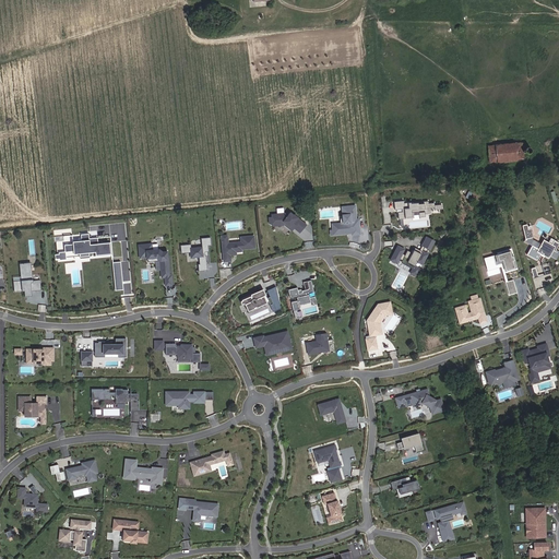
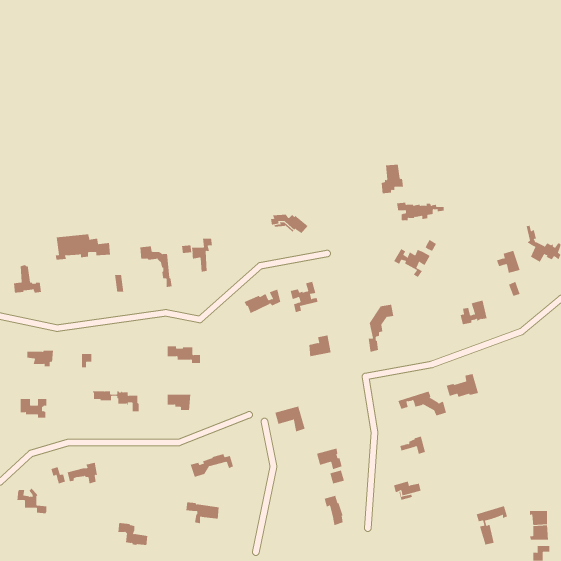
building: [488,143,525,163] -> none
building: [337,205,360,235] -> [381,164,404,194]
building: [222,235,255,261] -> none
building: [254,332,292,355] -> none
building: [95,338,126,357] -> none
building: [522,344,549,383] -> none
building: [486,360,519,384] -> [446,373,479,398]
building: [317,397,347,424] -> [275,406,305,432]
building: [123,459,163,484] -> none
building: [435,502,466,542] -> [476,506,508,545]
building: [59,520,91,551] -> none

